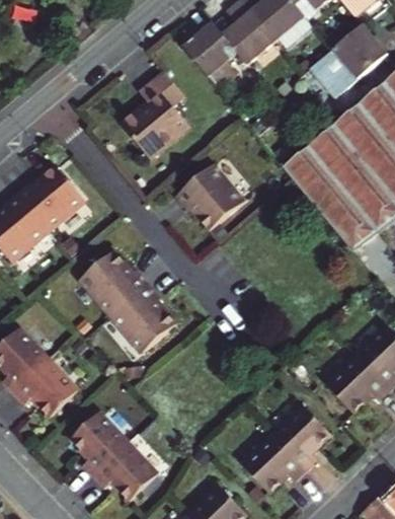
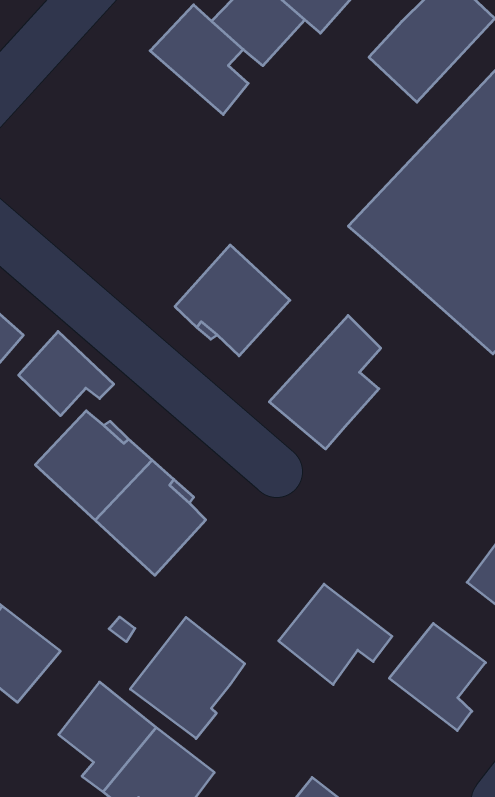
building: [125,71,191,158] -> none
building: none -> [19,331,114,416]
building: none -> [269,315,381,449]
building: none -> [130,617,245,739]
building: [238,433,305,493] -> [279,584,392,685]

